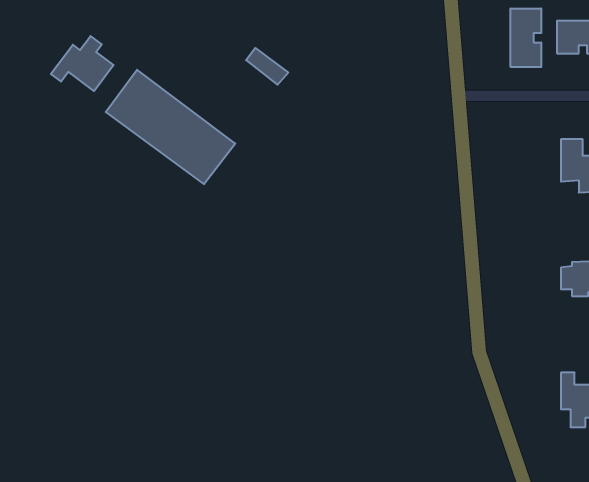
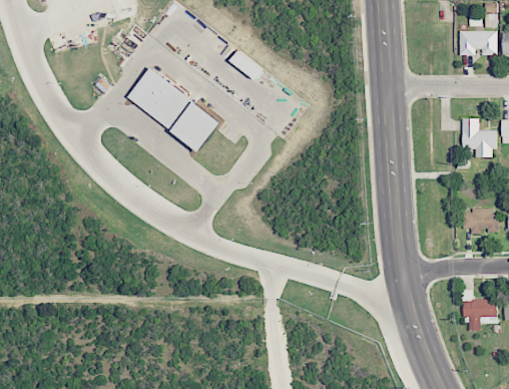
building: [511,8,541,67] -> none
building: [51,36,114,91] -> none

